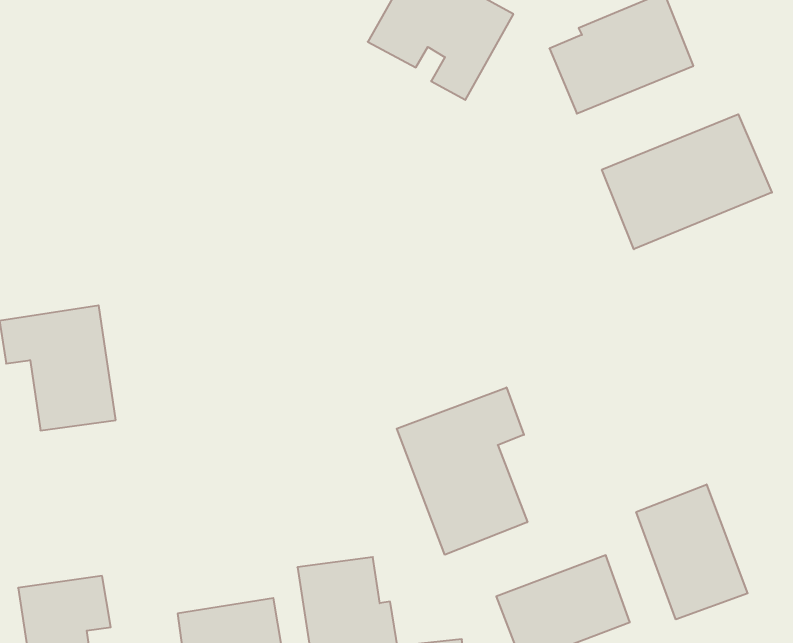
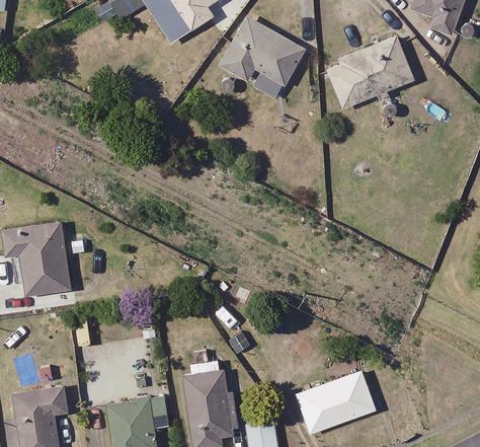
building: [602,114,772,249] -> none
building: [397,387,527,555] -> none
building: [636,484,748,619] -> none

